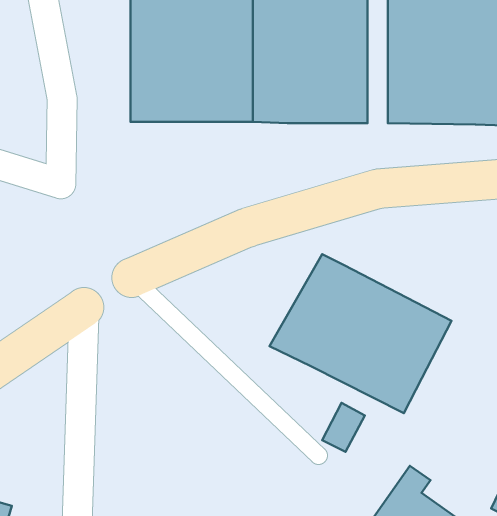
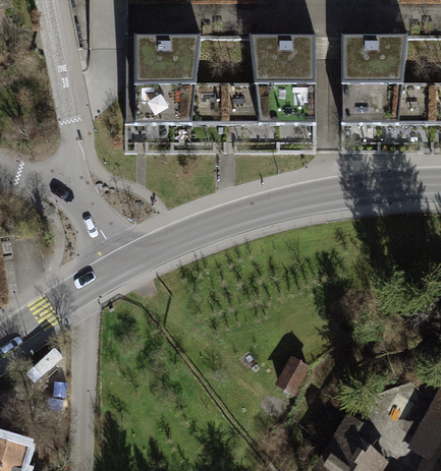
building: [269,254,451,413] -> none

